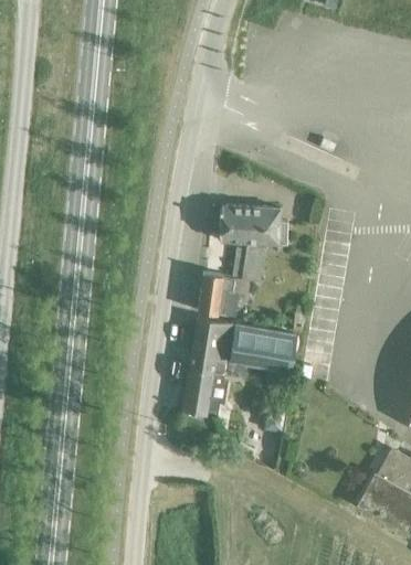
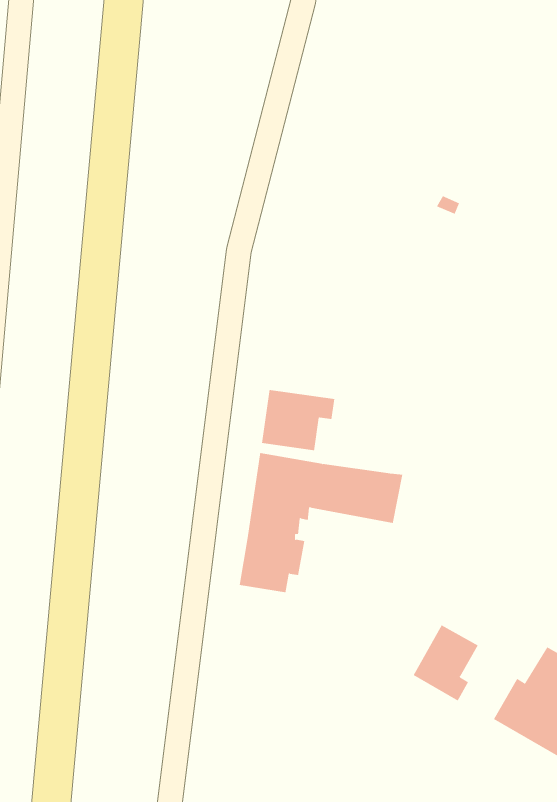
building: [201,206,286,282] -> none
building: none -> [413,624,478,701]

